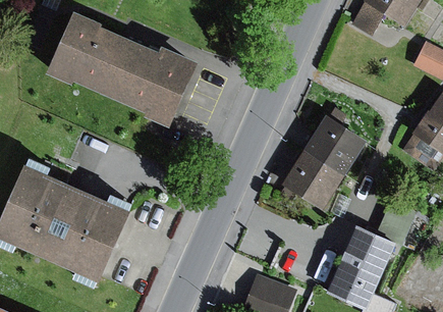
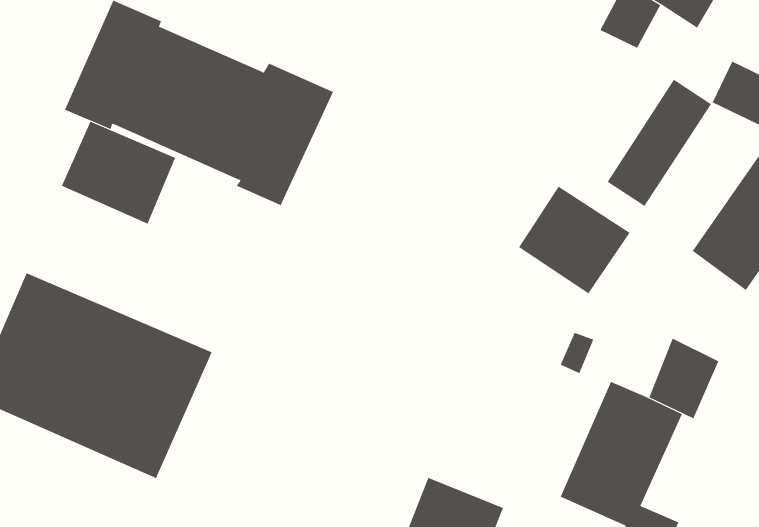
building: none -> [607,79,712,207]
building: none -> [61,121,176,224]
building: [280,150,342,210] -> none

